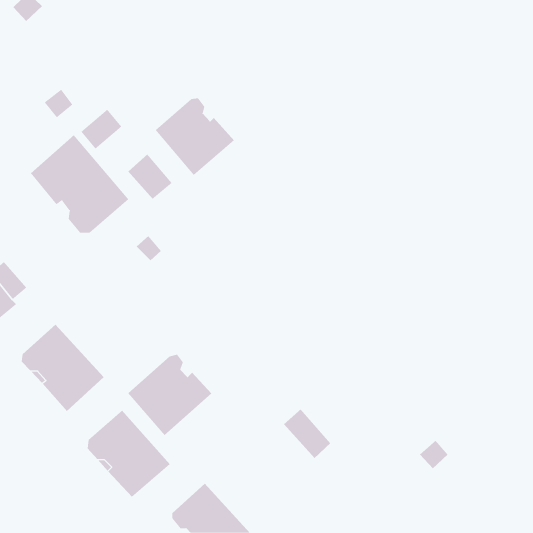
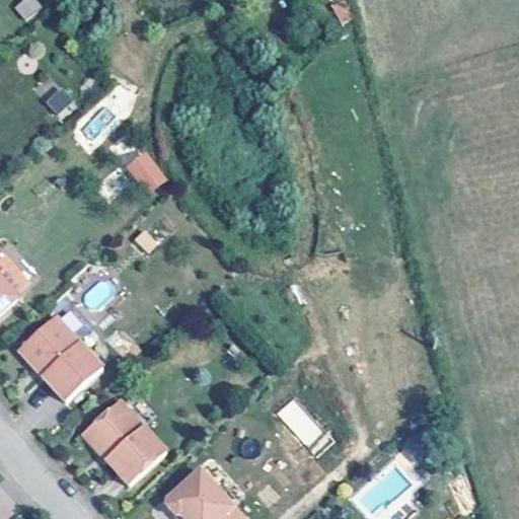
building: [155,98,235,176] -> none
building: [30,135,129,234] -> none
building: [127,354,212,436] -> none

